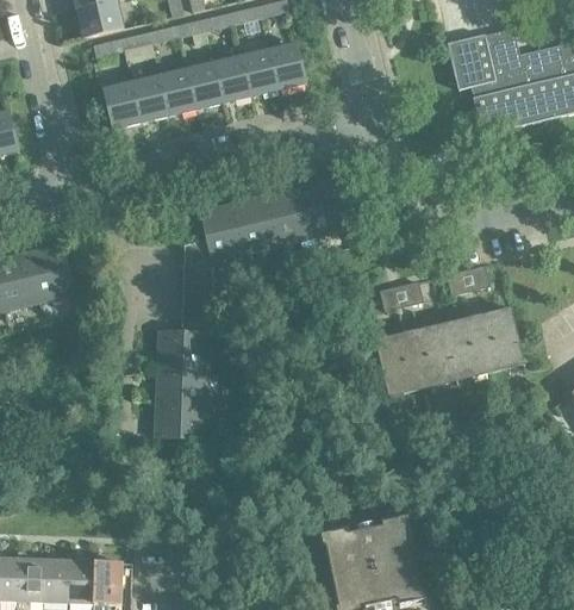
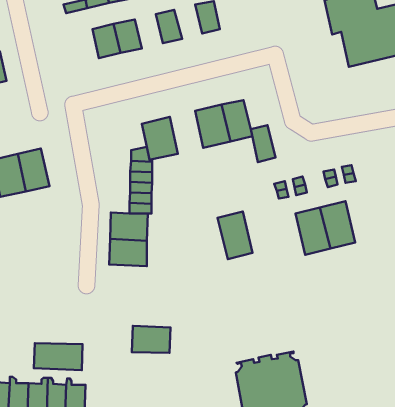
building: [243,48,281,94] -> none
building: [189,61,227,107] -> none
building: [102,81,141,127] -> none
building: [237,192,282,250] -> none
building: none -> [251,125,275,162]
building: [475,306,523,371] -> none
building: [373,331,420,396] -> [217,212,253,259]
building: [154,400,206,437] -> [132,326,170,353]
building: none -> [34,343,83,370]

